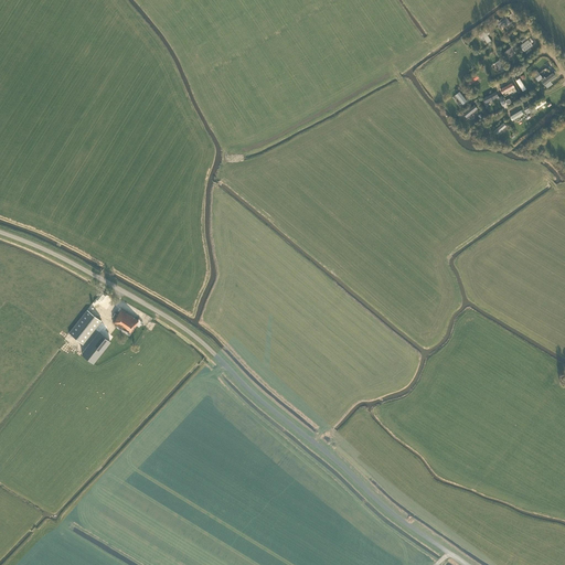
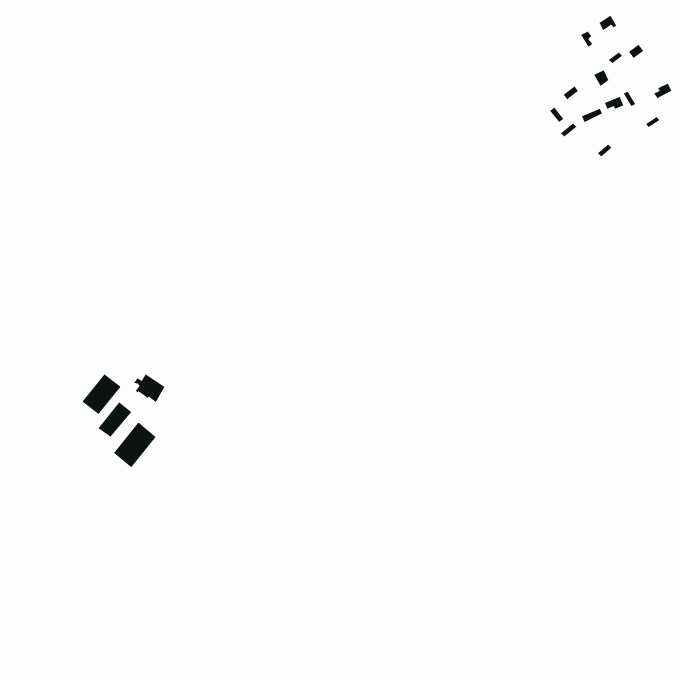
building: none -> [113,422,156,468]

